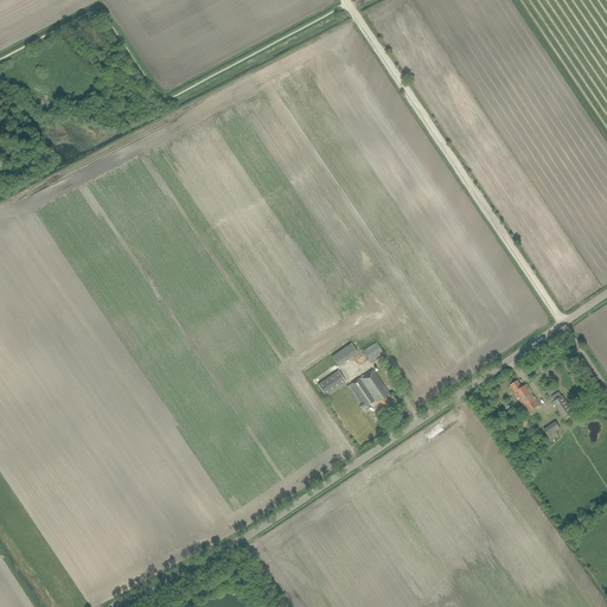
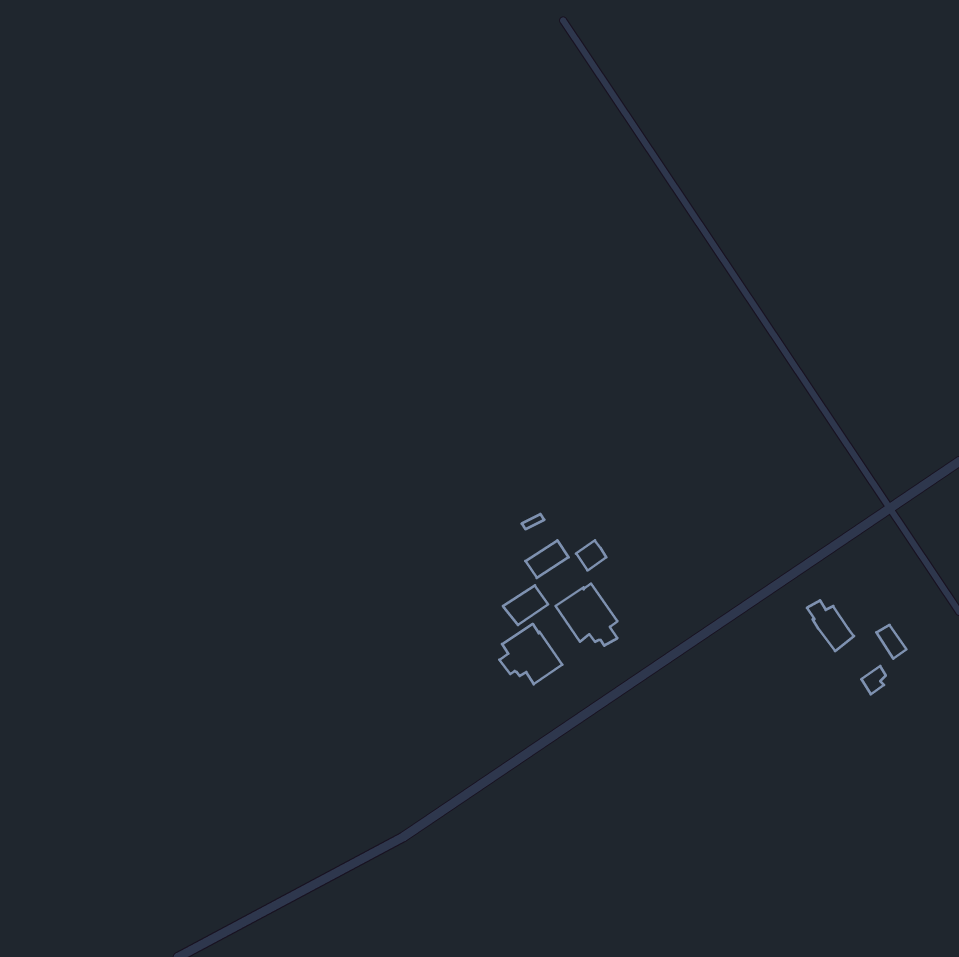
building: none -> [499,624,562,684]

